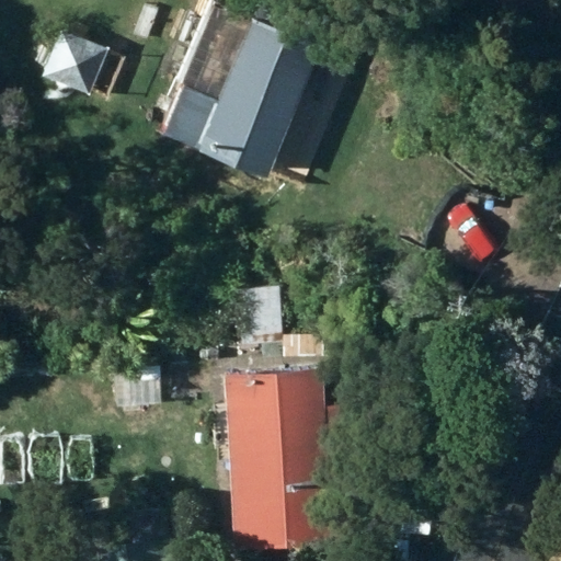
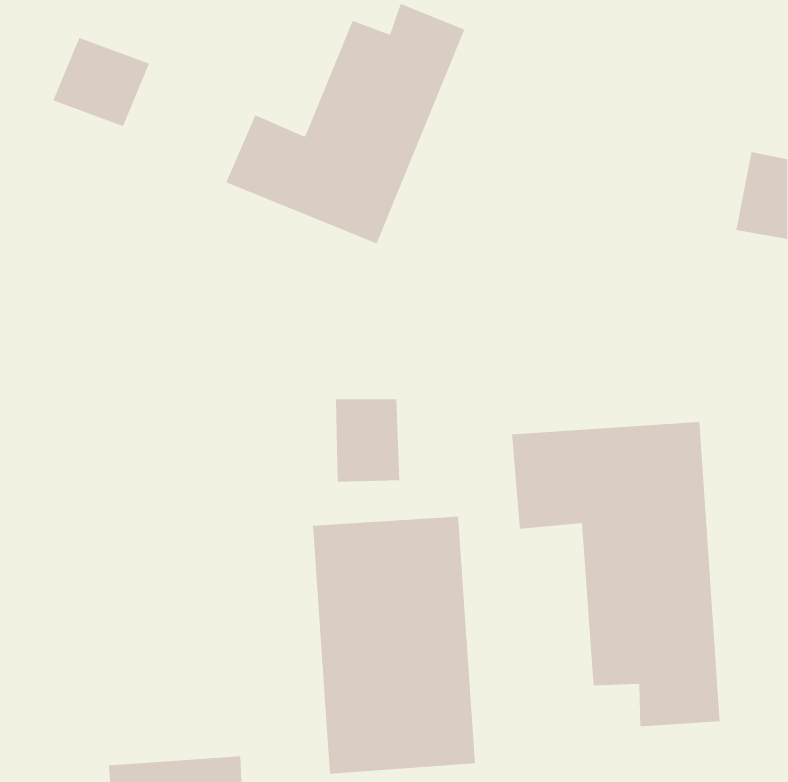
building: none -> [512,421,720,727]

